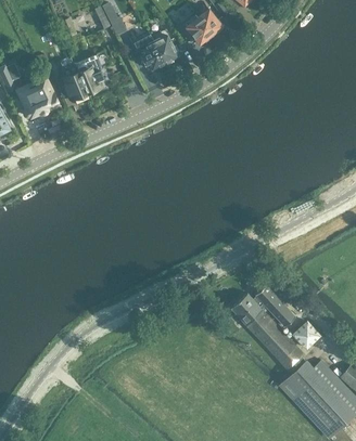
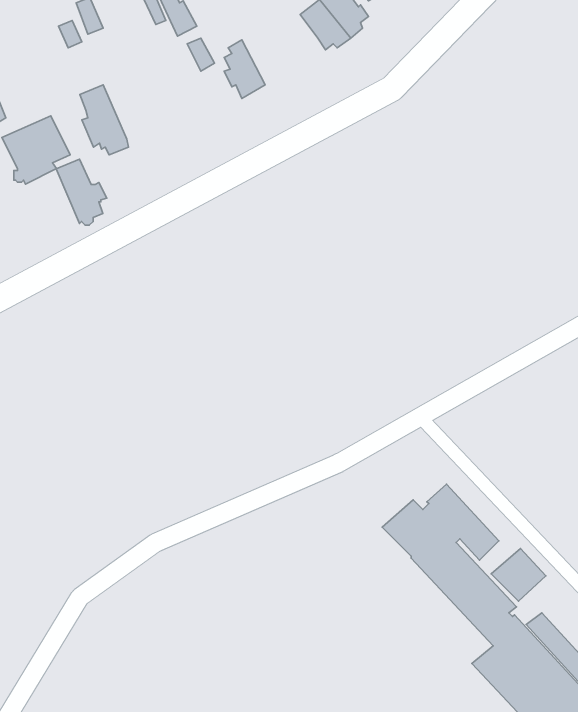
building: [152,31,179,63] -> none
building: [75,57,103,94] -> [56,159,107,225]

